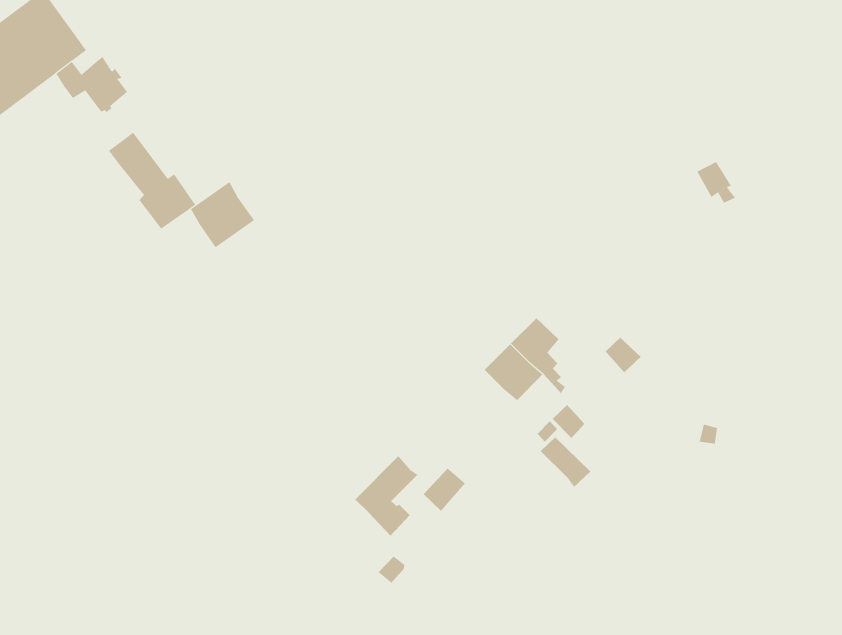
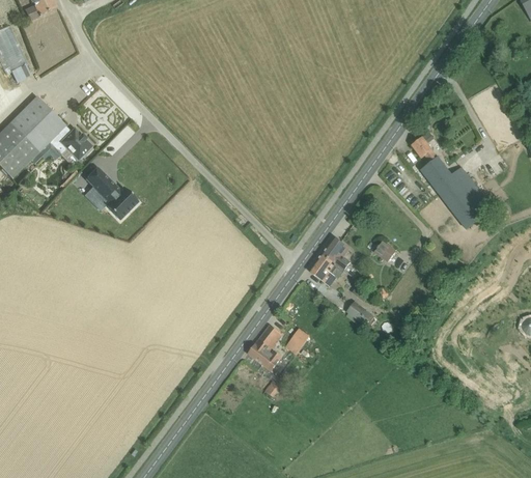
building: [190,181,255,248] -> none
building: none -> [421,157,494,228]

